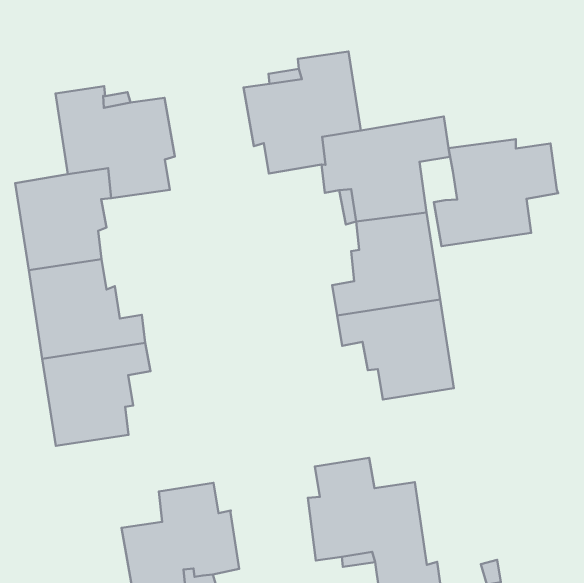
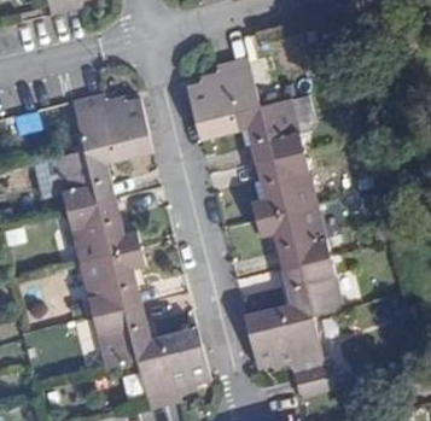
building: [434,139,558,246] -> none
building: none -> [283,257,343,322]
building: none -> [92,304,161,368]

